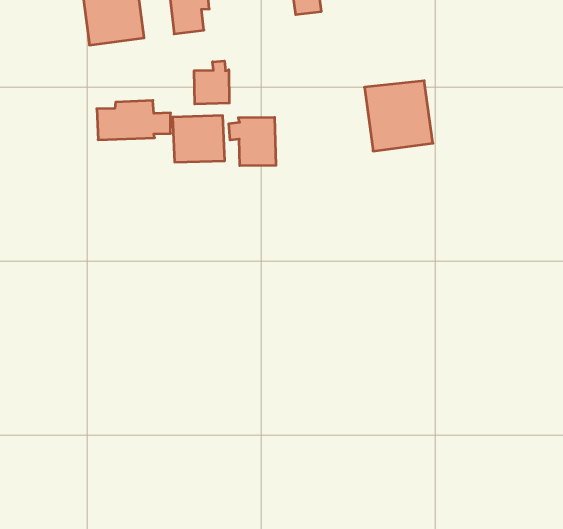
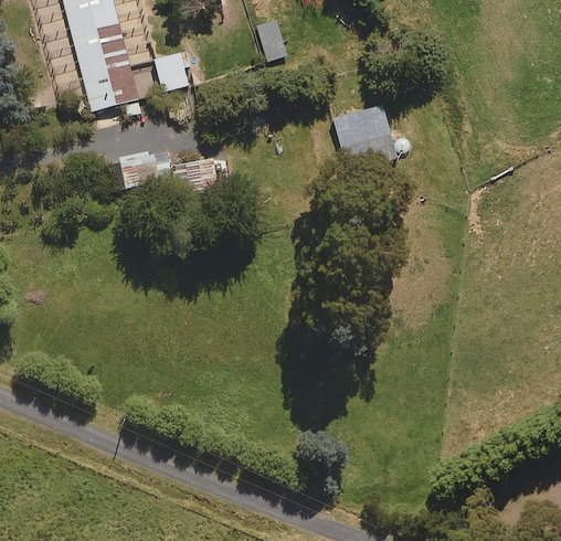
building: [194,61,229,104] -> none
building: [229,117,276,166] -> none

